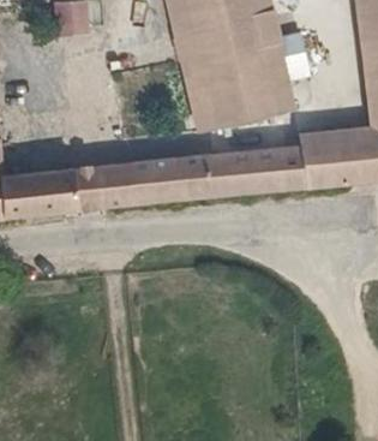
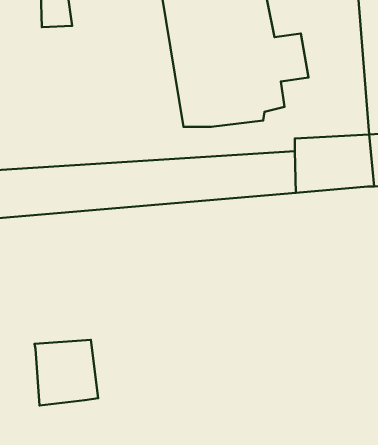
building: none -> [34,340,98,406]

